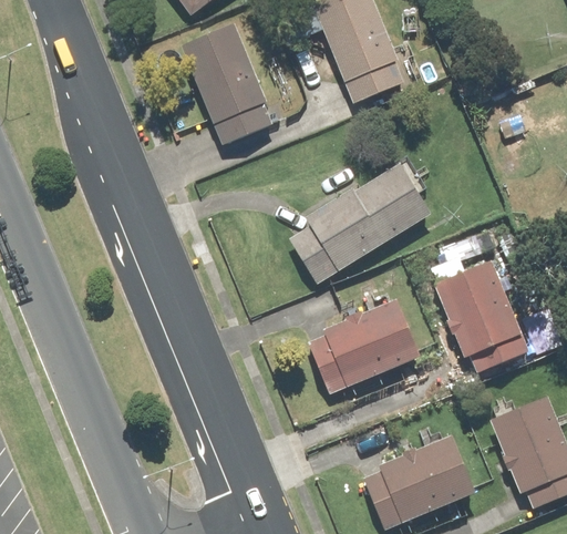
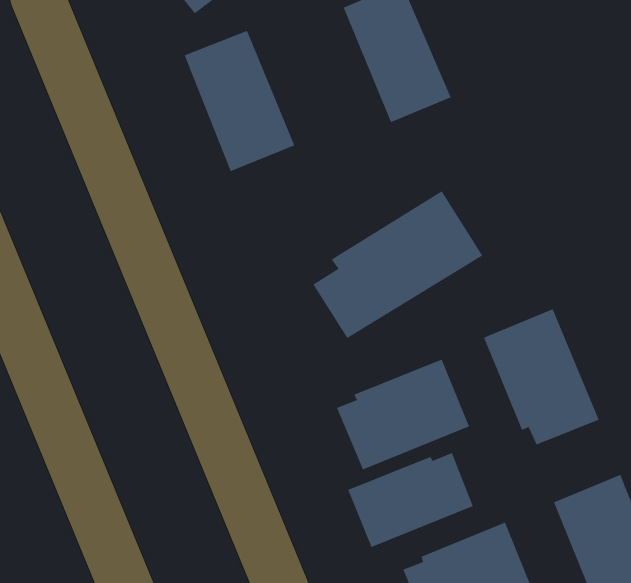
building: none -> [348,452,473,548]

